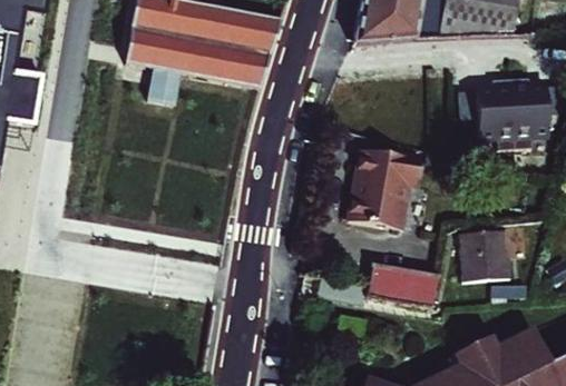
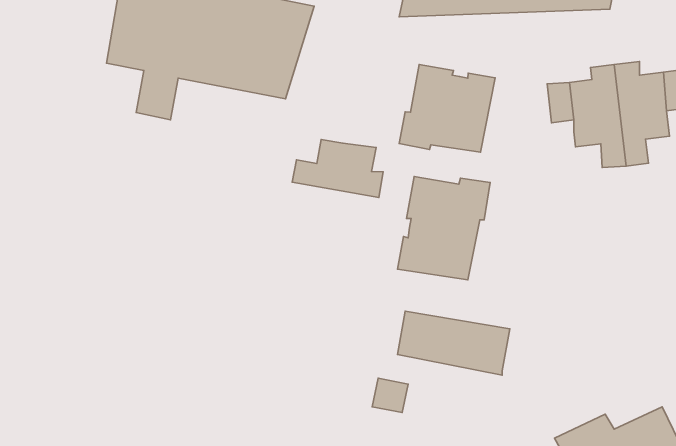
building: none -> [399,65,495,152]
building: none -> [292,139,383,197]
building: [449,224,500,275] -> none

